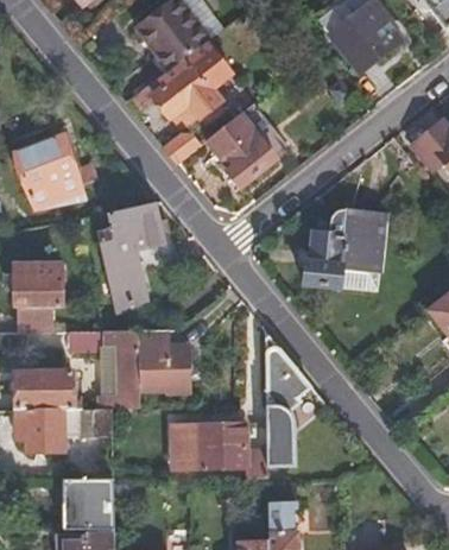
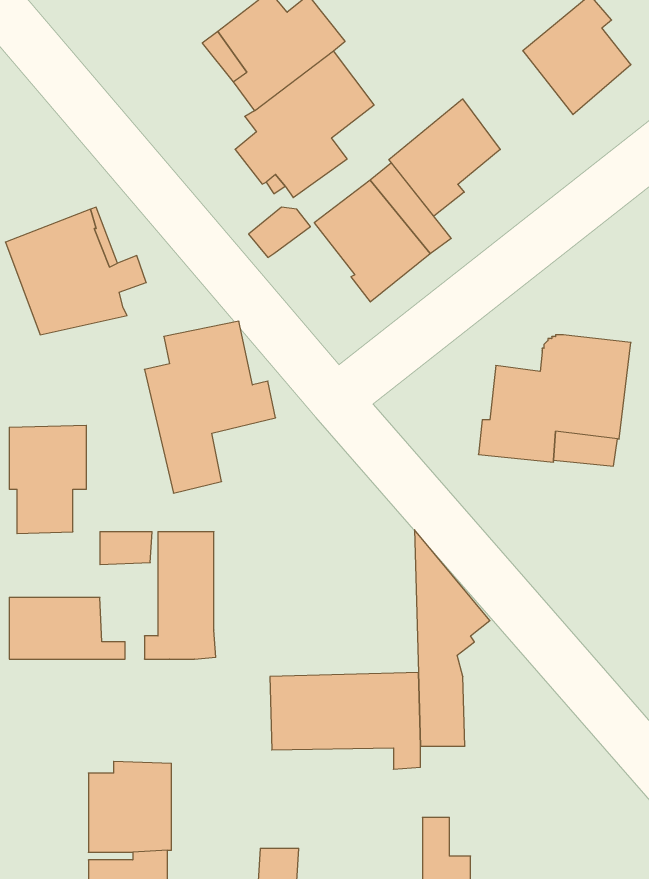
building: none -> [389,99,500,216]
building: [139,330,191,392] -> none
building: [13,410,112,453] -> none

